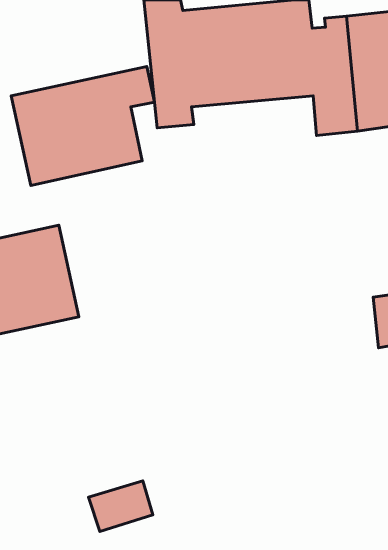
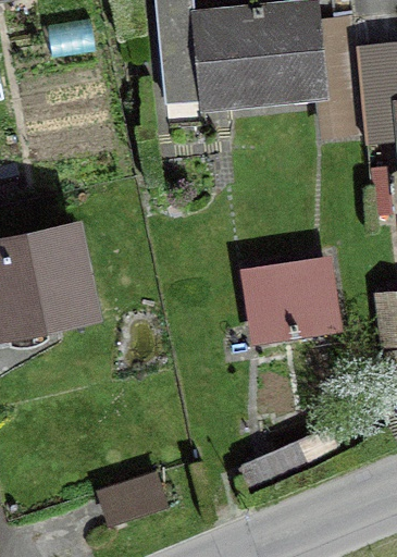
building: [11,67,155,185] -> none
building: none -> [247,265,333,339]

